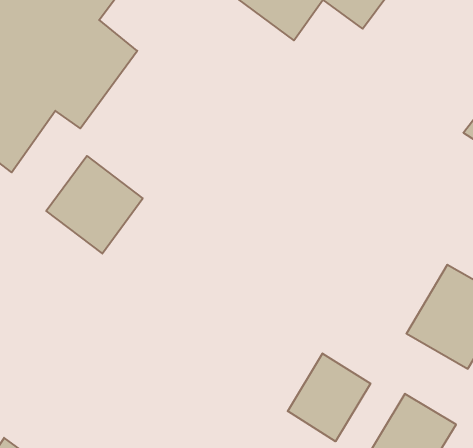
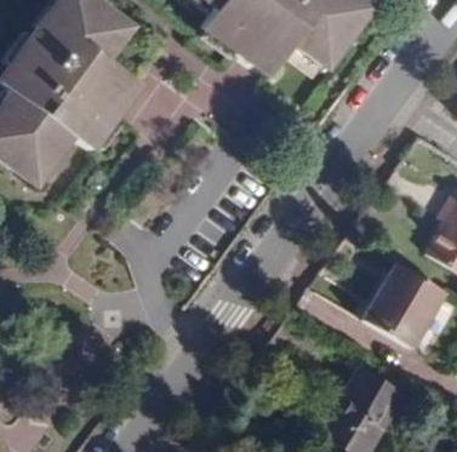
building: [46,156,143,254] -> none
building: [288,353,370,441] -> none

